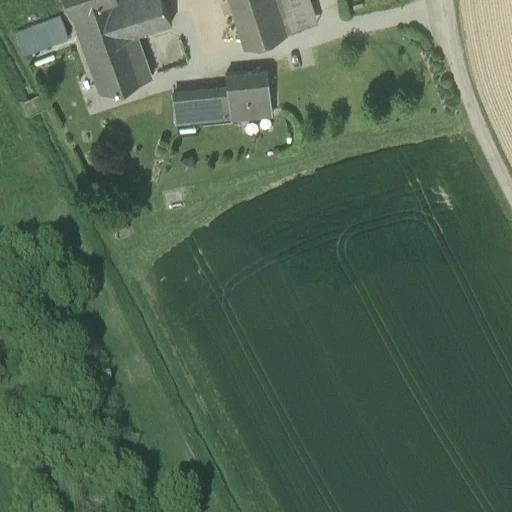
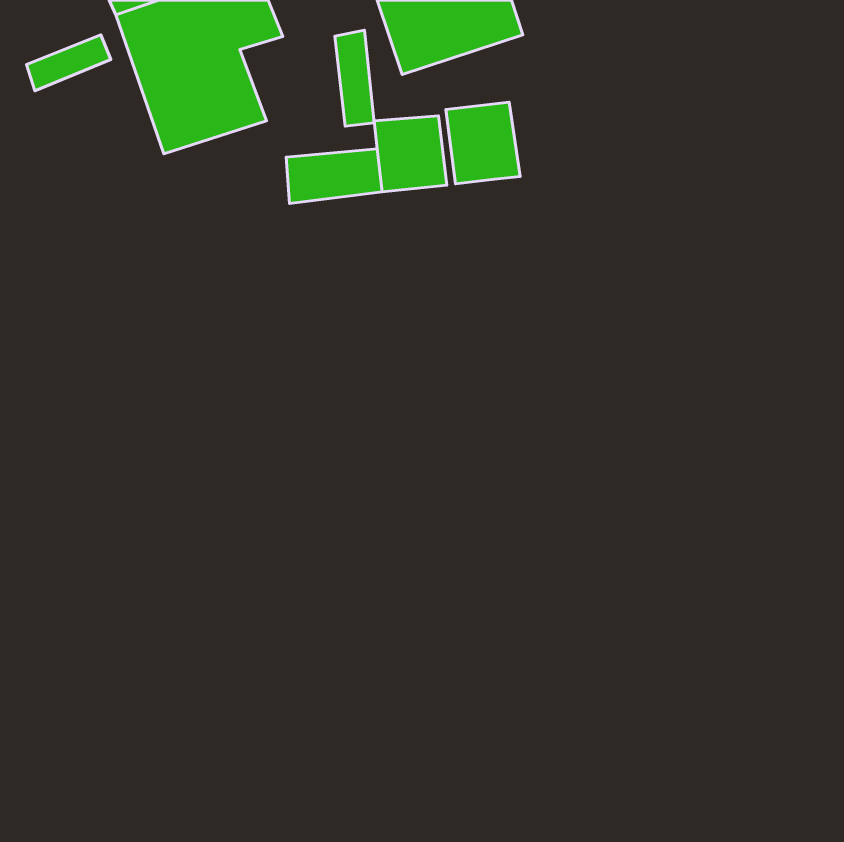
building: none -> [335,30,374,126]
building: none -> [446,102,520,184]

